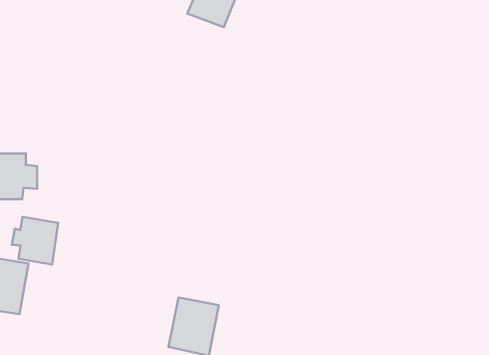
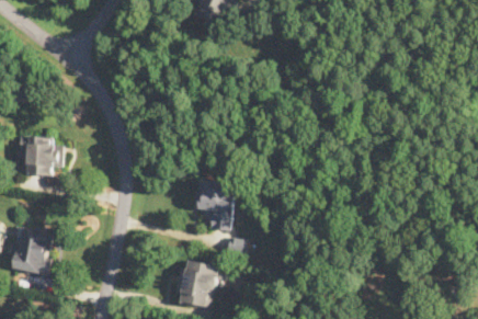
building: none -> [195,180,234,230]
building: [12,217,58,264] -> none

